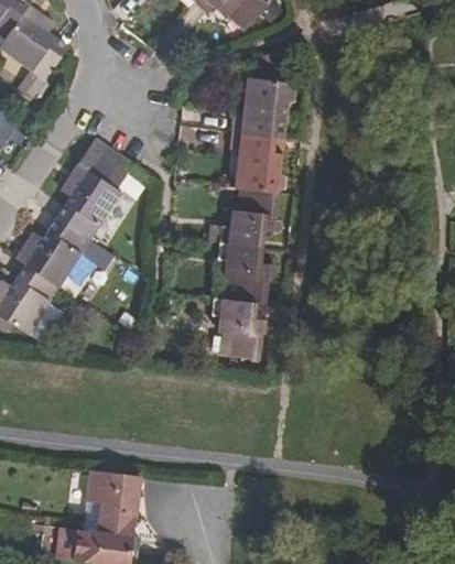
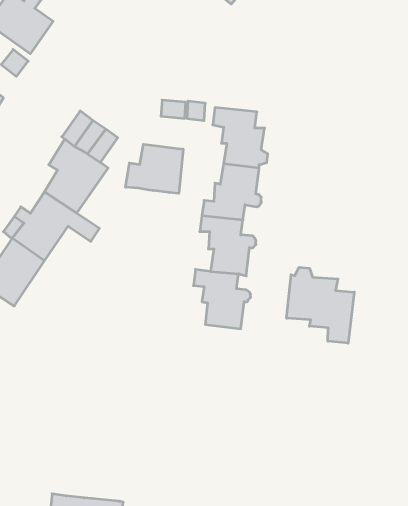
building: [231,79,295,138] -> none
building: none -> [126,144,183,193]
building: none -> [287,267,354,343]
building: [86,469,137,535] -> none

